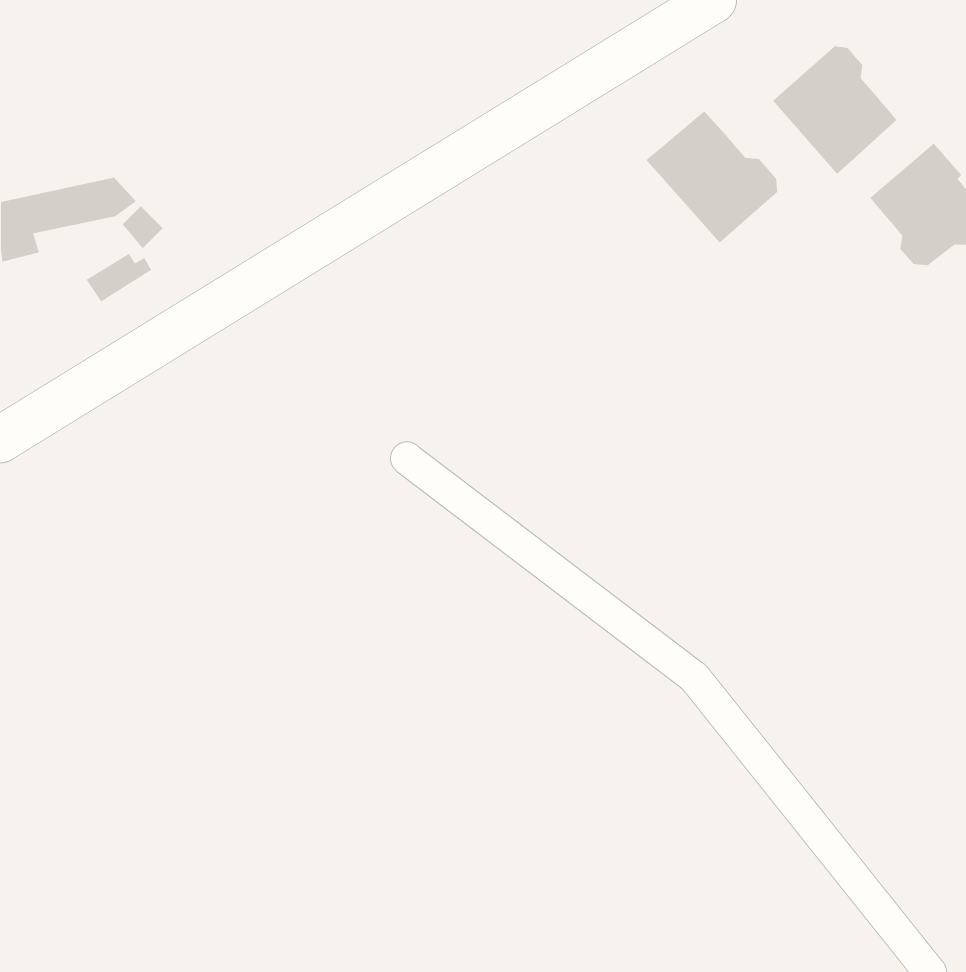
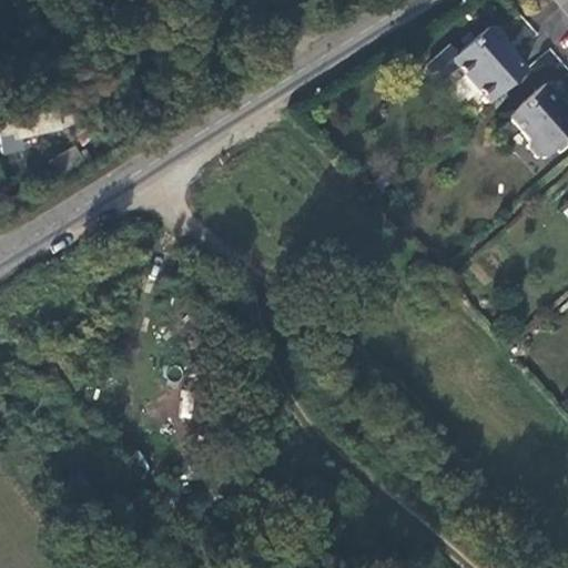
building: [646,110,778,244] -> none

